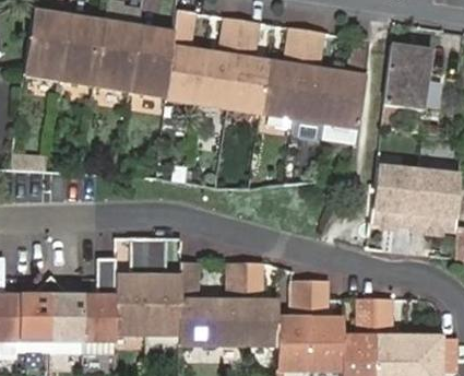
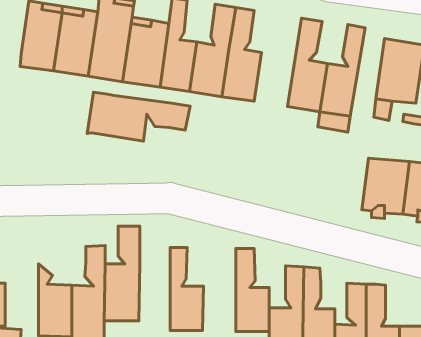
building: [261,23,309,116] -> none
building: none -> [87,92,190,141]
building: [144,236,176,333] -> none
building: [209,260,242,344] -> none
building: [9,274,43,340] -> none

